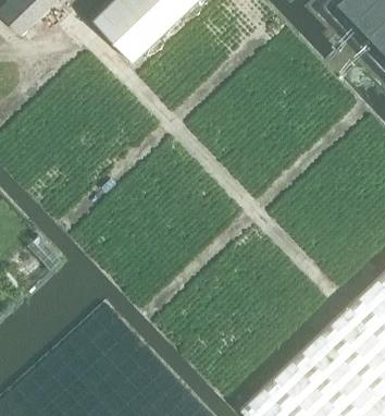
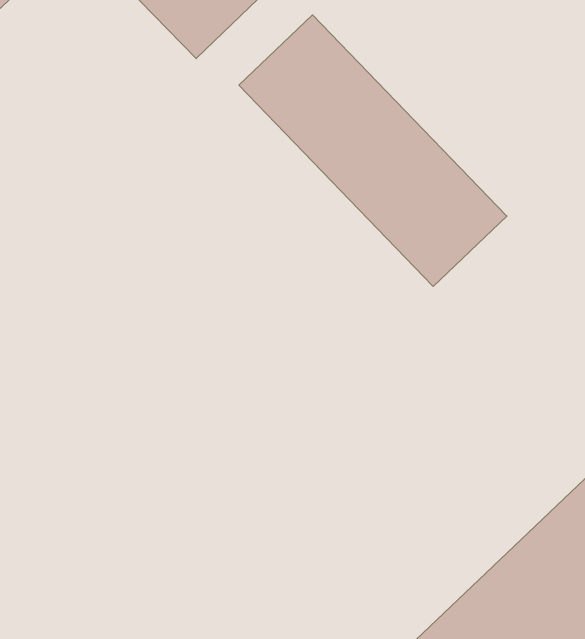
building: none -> [239,15,507,286]

